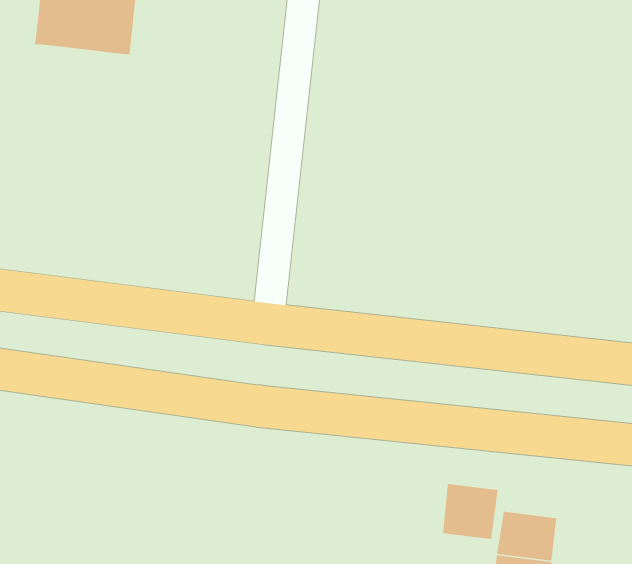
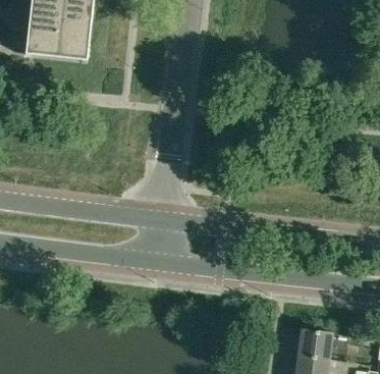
building: [442,483,498,540] -> none

